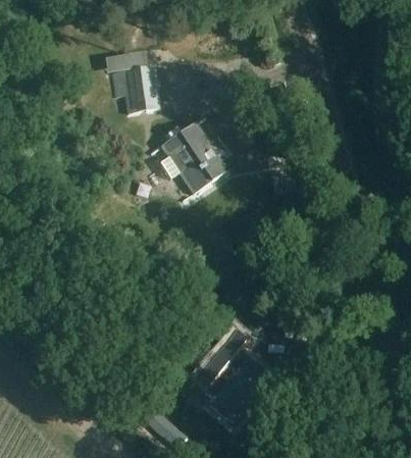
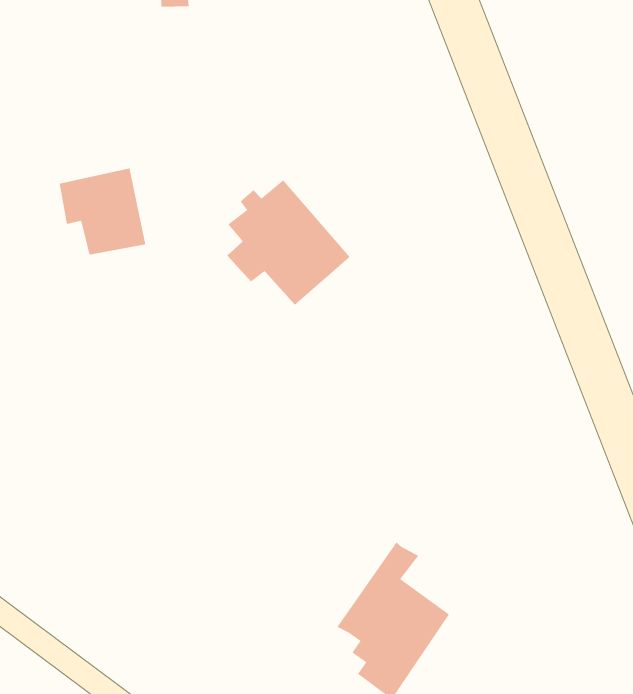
building: [114,63,160,110] -> [59,168,146,255]

